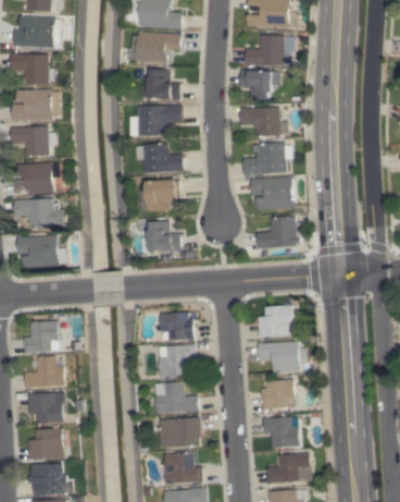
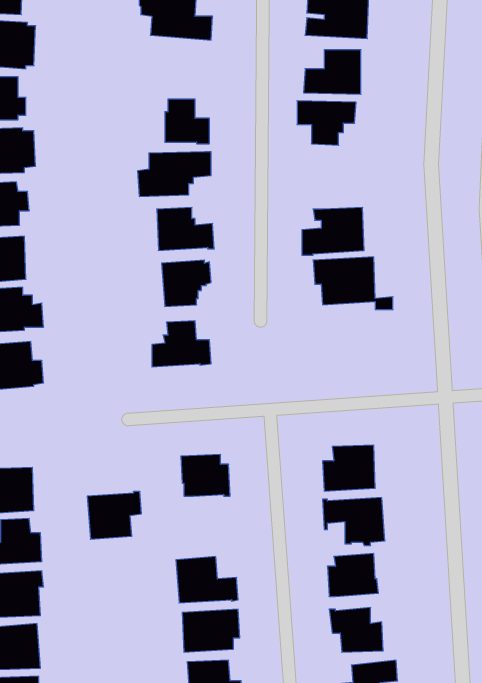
building: [137,32,180,64] -> none
building: [239,108,287,136] -> none
building: [255,217,300,249] -> none
building: [159,344,196,377] -> [87,492,141,539]

